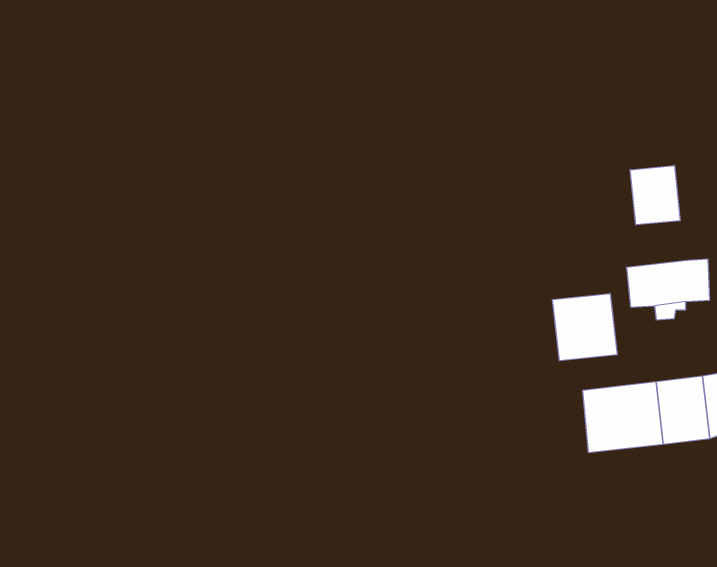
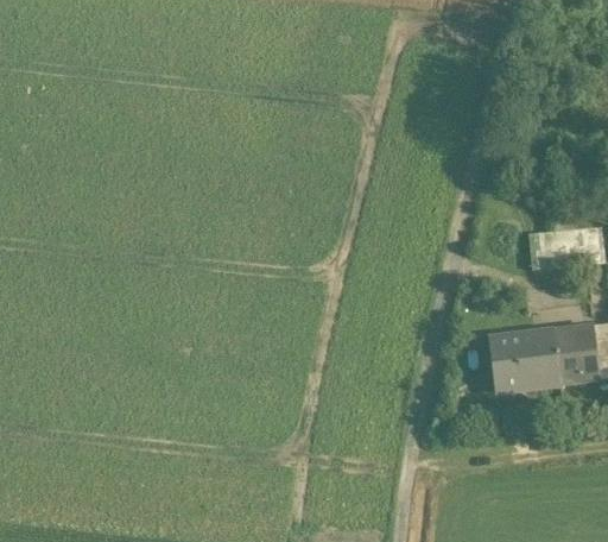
building: [630,165,680,225] -> none
building: [553,293,617,361] -> none

